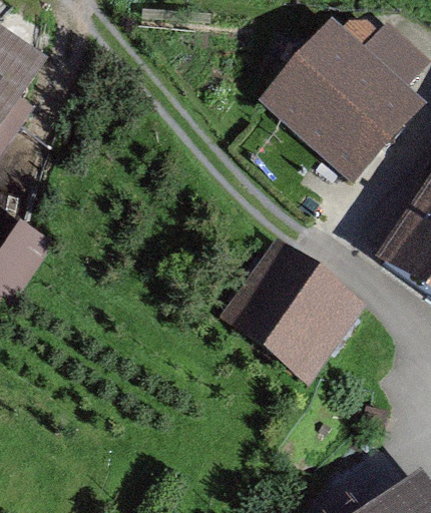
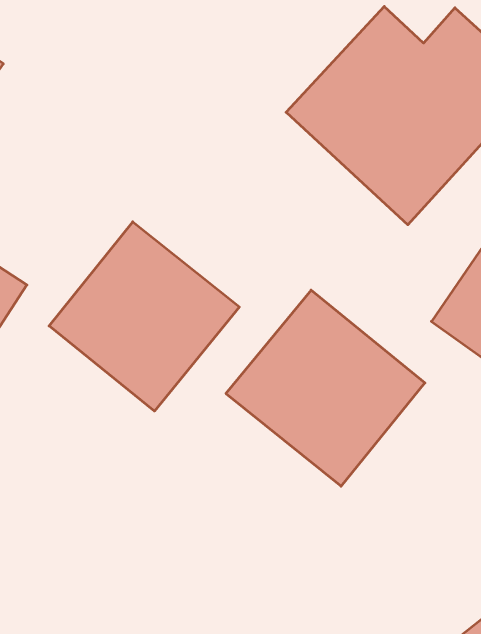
building: none -> [49,222,239,411]

